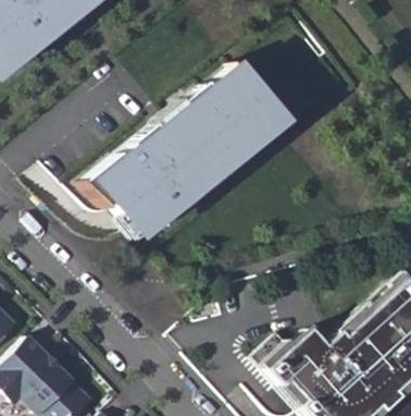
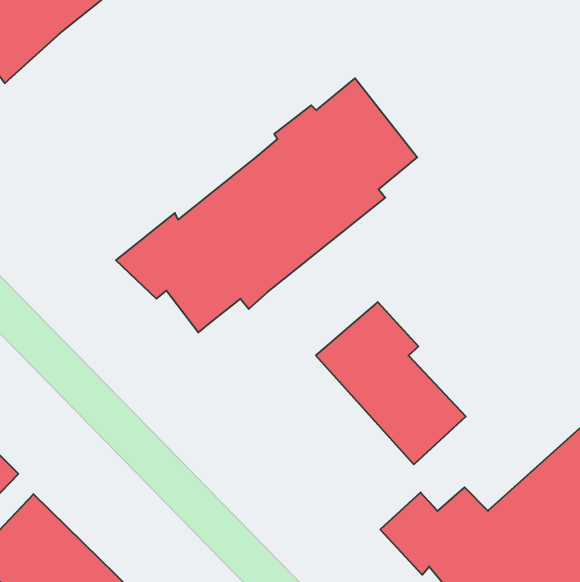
building: none -> [316,302,466,464]

